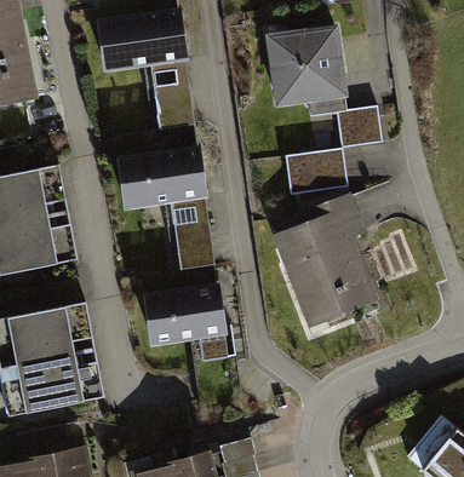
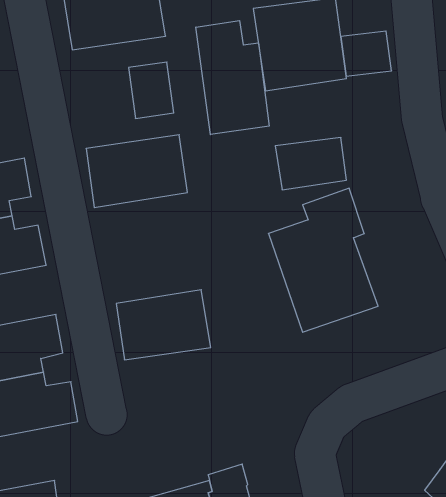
building: none -> [196,21,269,135]
building: [334,107,379,146] -> [341,31,392,76]
building: [172,220,212,269] -> none

